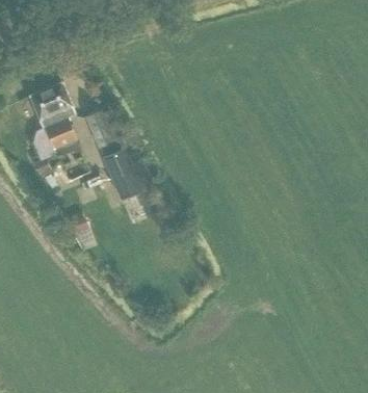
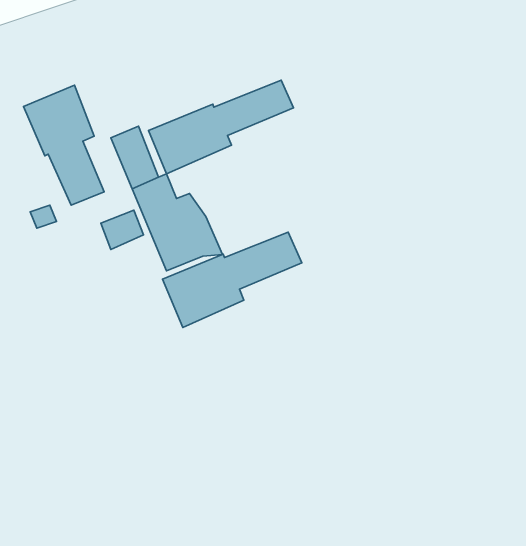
building: none -> [148,80,293,174]
building: none -> [162,232,302,327]

